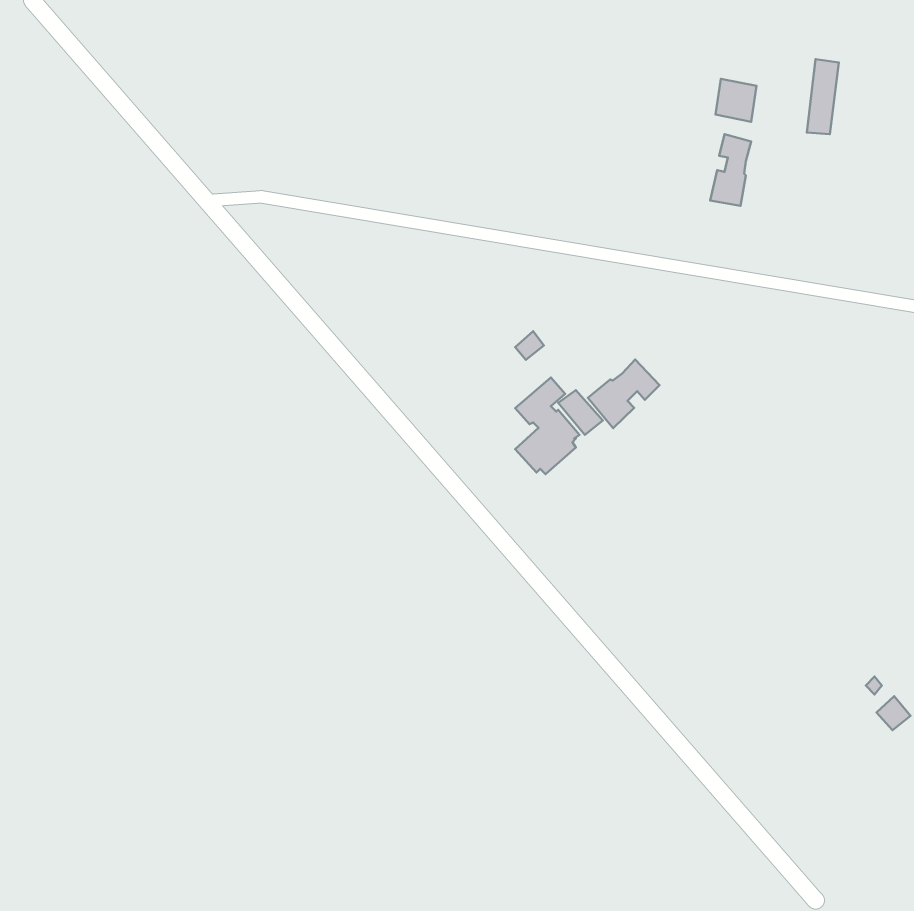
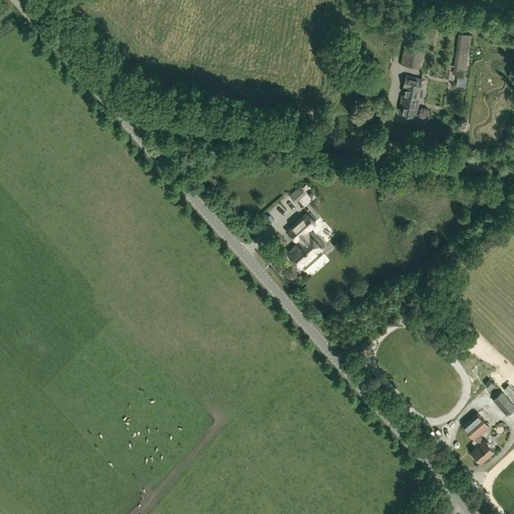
building: [588,360,659,428] -> none
building: none -> [463,415,493,464]

